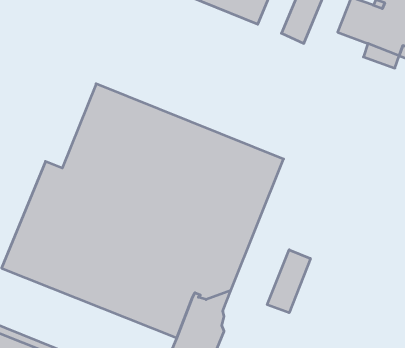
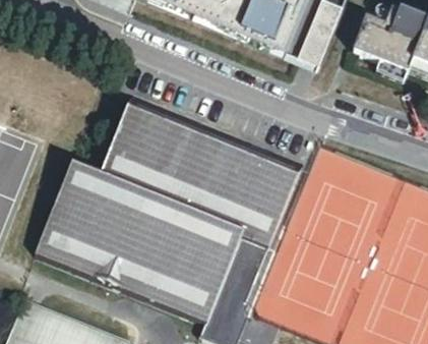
building: [267,250,310,313] -> none

